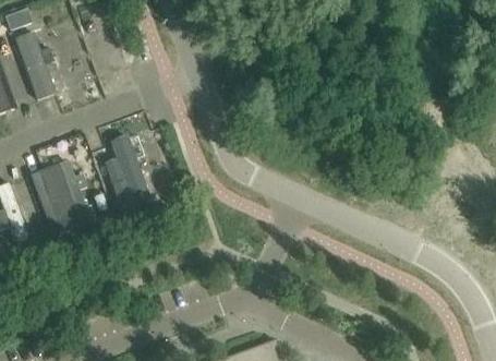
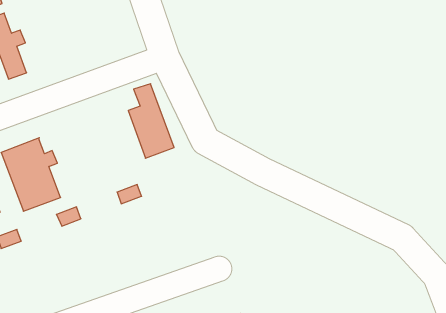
building: [106,133,153,209] -> [128,84,174,158]

